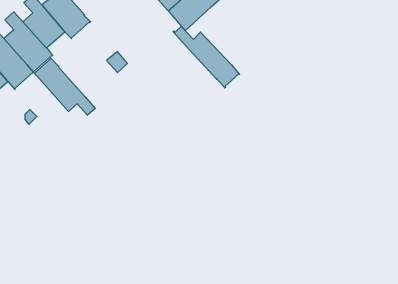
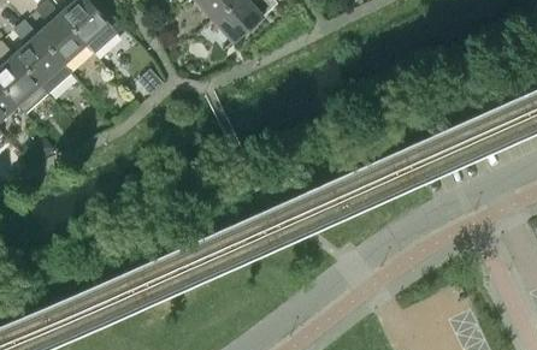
building: [173,26,240,88] -> none
building: [34,58,95,115] -> none

